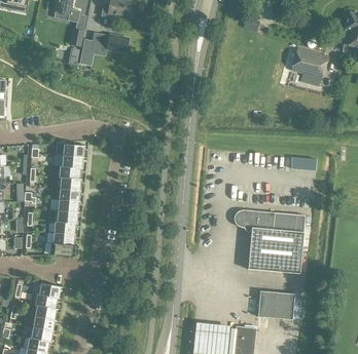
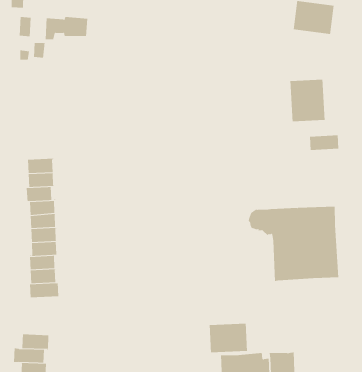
building: none -> [290,79,325,122]
building: [257,289,293,318] -> none
building: none -> [209,323,247,353]

